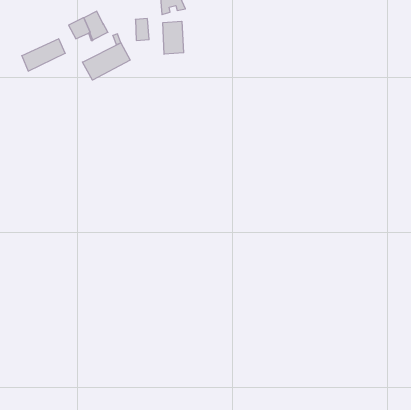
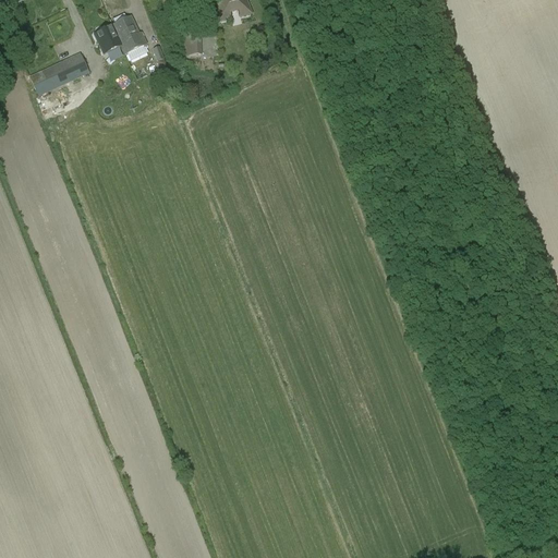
building: [163,21,184,54] -> none
building: [82,43,130,80] -> none

